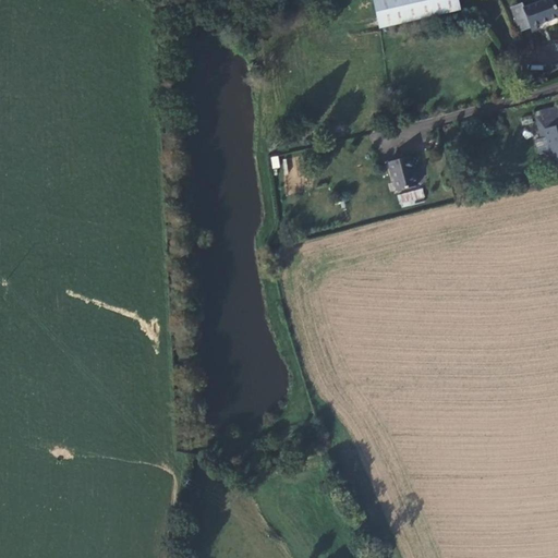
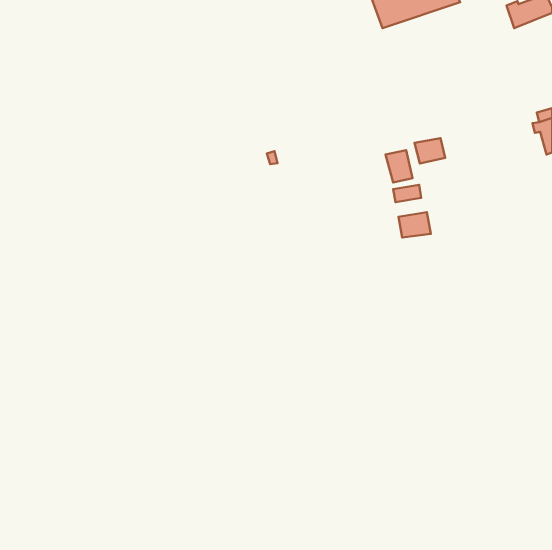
building: none -> [415,138,445,164]
building: none -> [399,212,431,238]

